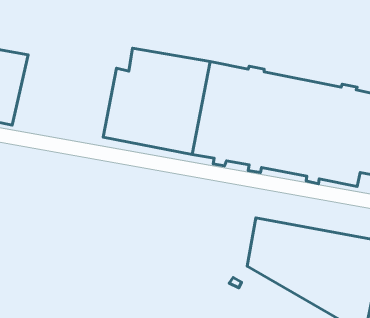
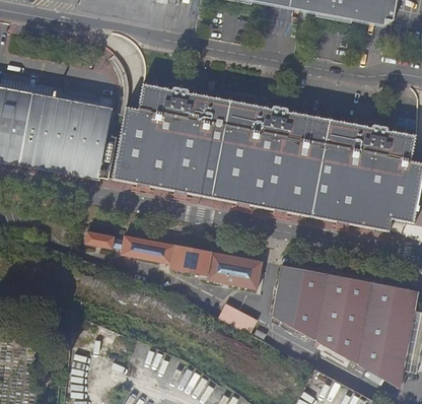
building: none -> [20,89,115,179]
building: none -> [85,230,262,288]
building: none -> [218,302,257,333]

